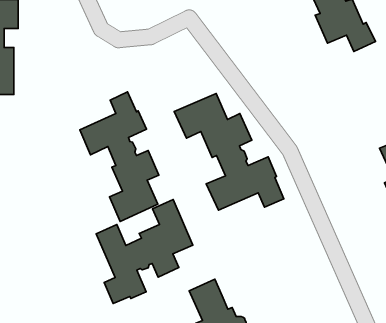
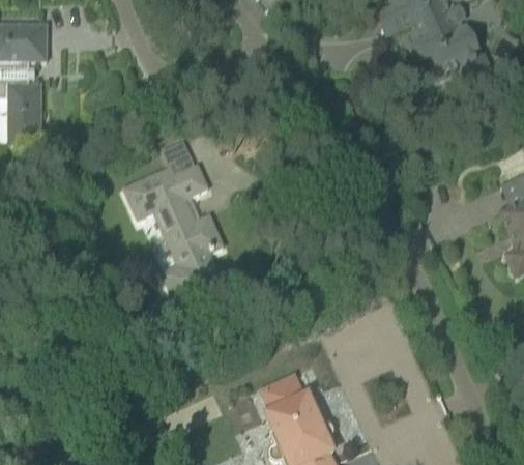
building: [174,93,284,210] -> none
building: [96,199,193,304] -> none

